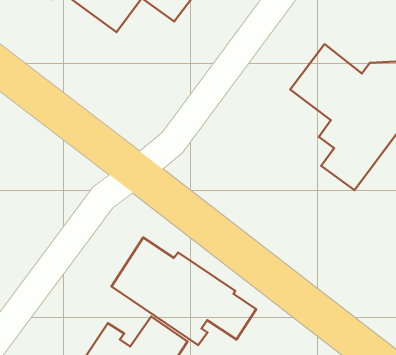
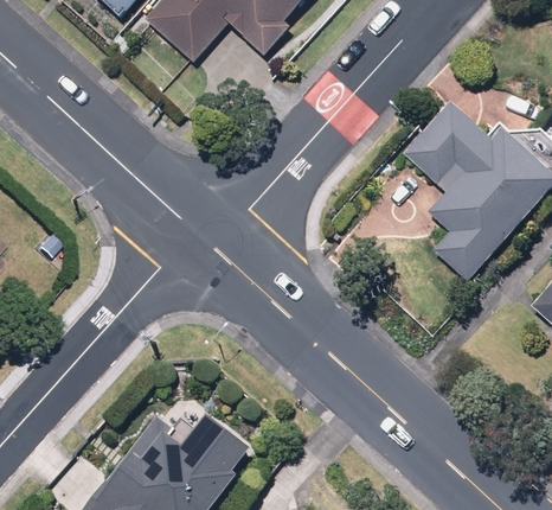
building: [111,238,256,345] -> none

